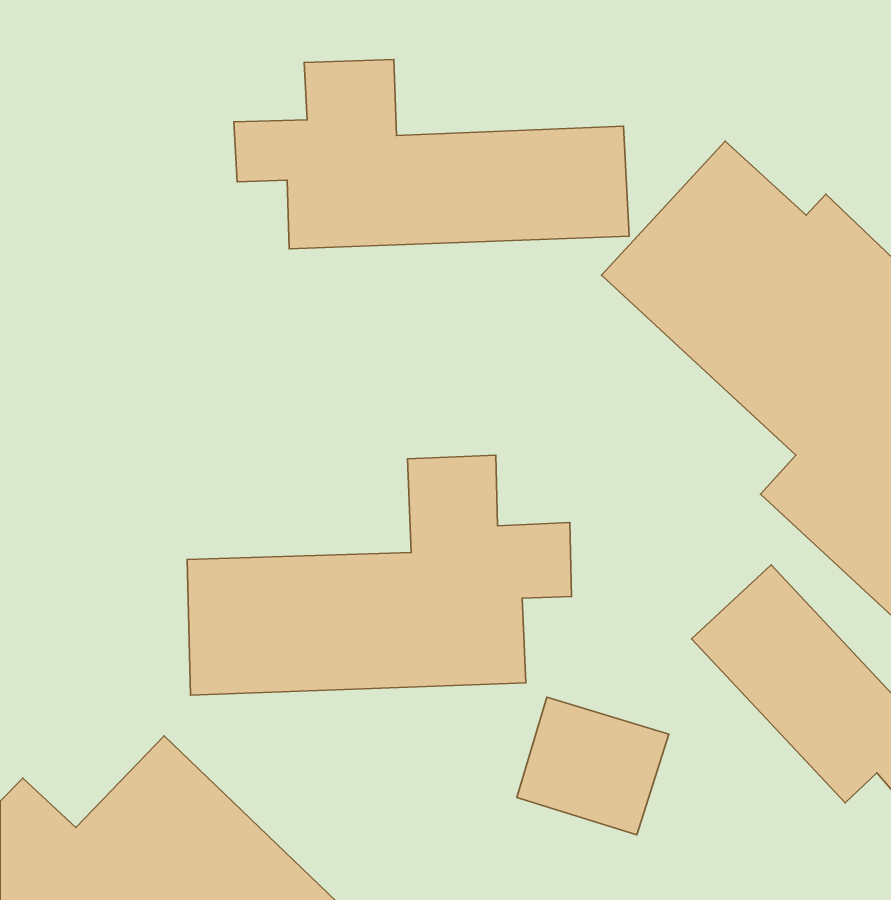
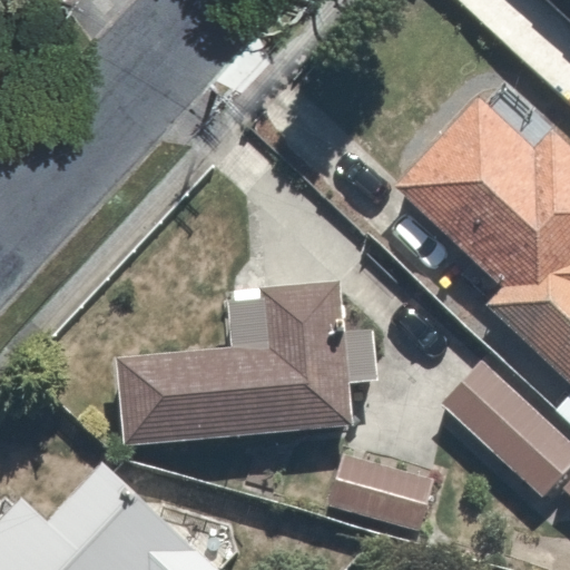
building: [234,59,629,249] -> none

